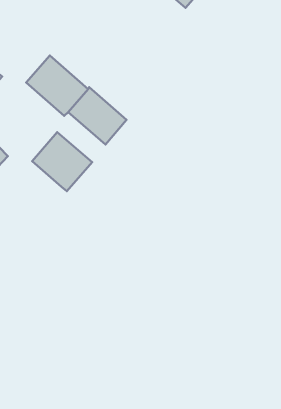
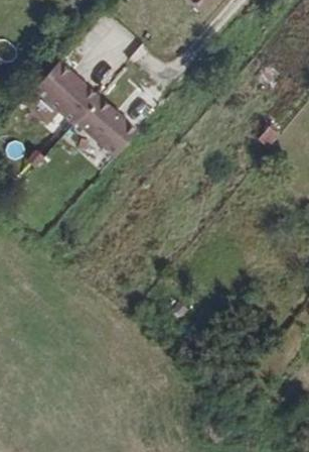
building: [32,132,92,191] -> none

